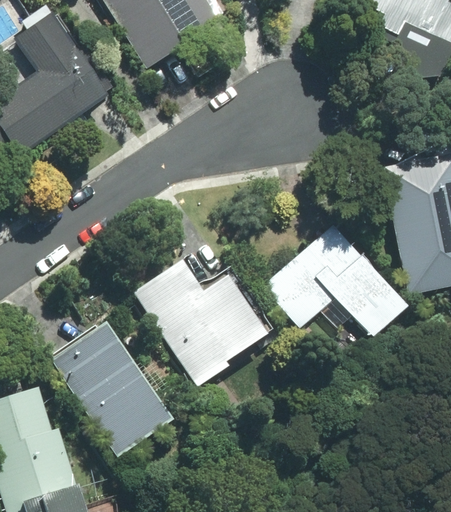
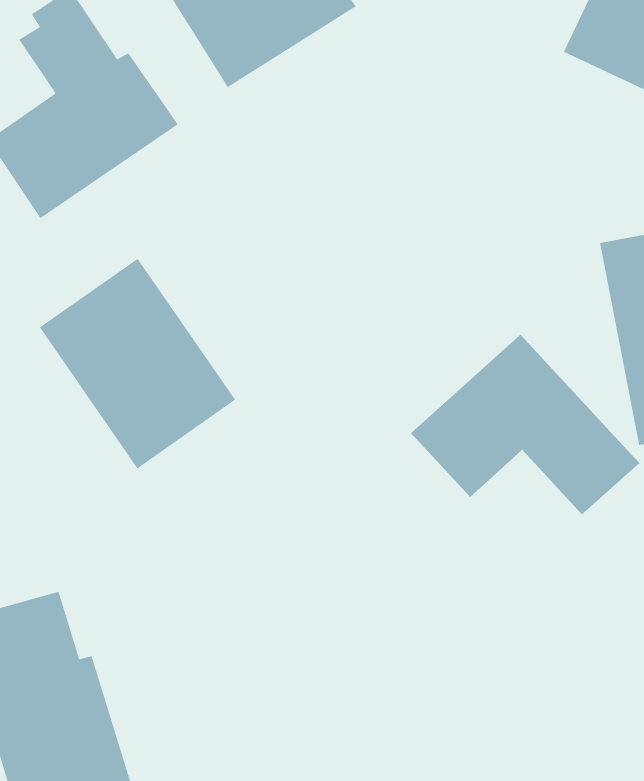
building: none -> [39,258,236,469]
building: [132,257,267,385] -> none
building: [50,321,174,456] -> none

